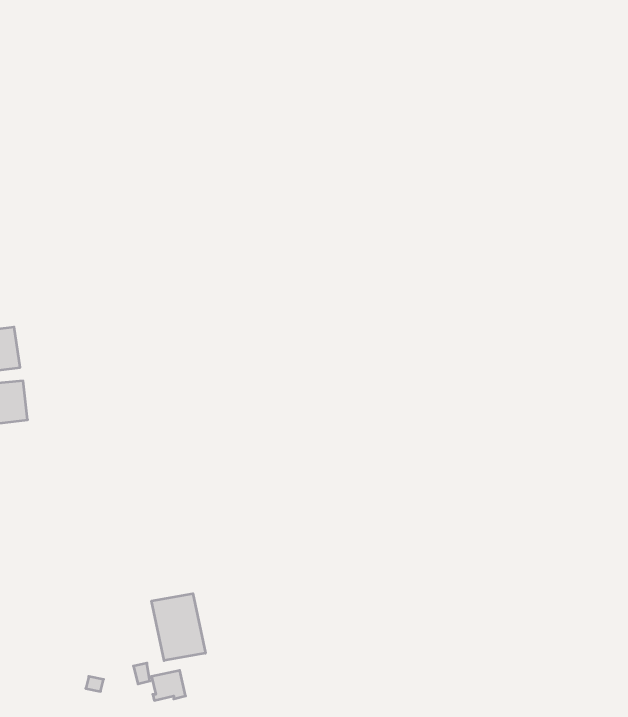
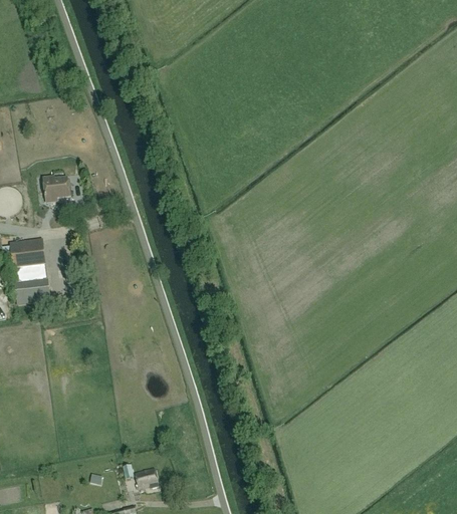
building: none -> [41,177,68,202]
building: [152,594,205,661] -> none

